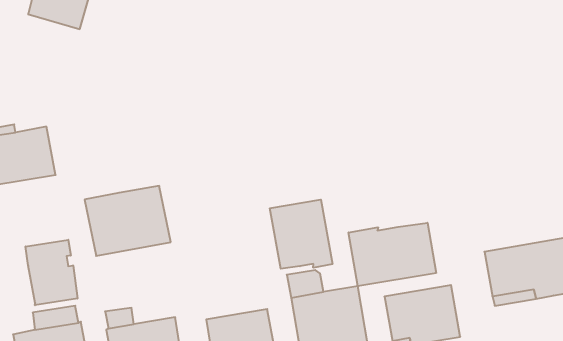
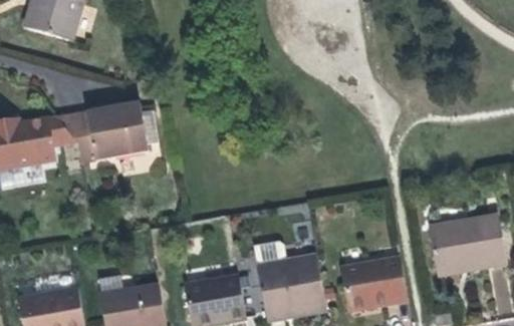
building: [85,186,171,256] -> [69,102,145,164]
building: [270,200,332,269] -> none
building: [349,223,436,286] -> none
building: [26,240,77,305] -> none

